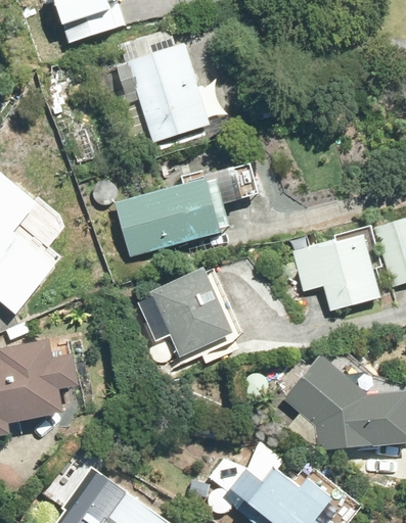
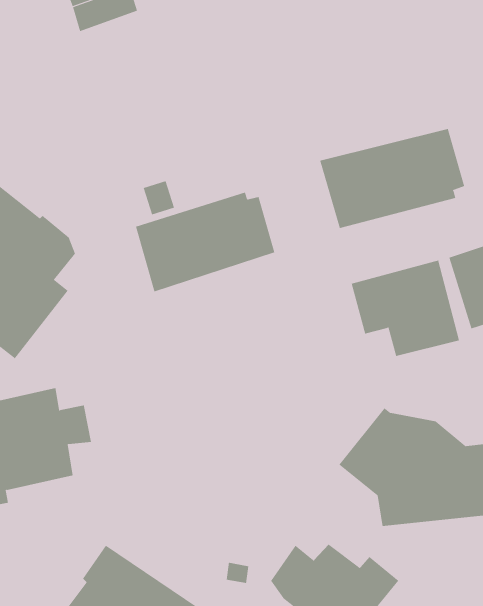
building: [117,32,212,143] -> none
building: none -> [319,128,465,229]
building: [138,267,234,358] -> none

